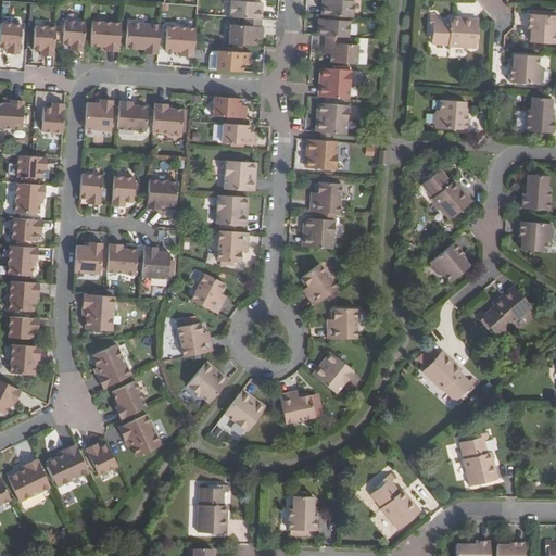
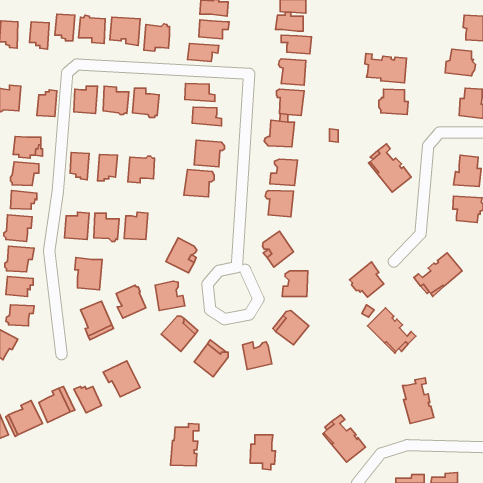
building: [432,17,480,51] -> [365,53,406,83]
building: [217,230,249,262] -> none
building: [431,243,470,283] -> [350,262,384,297]
building: [113,380,147,418] -> [116,285,146,318]

